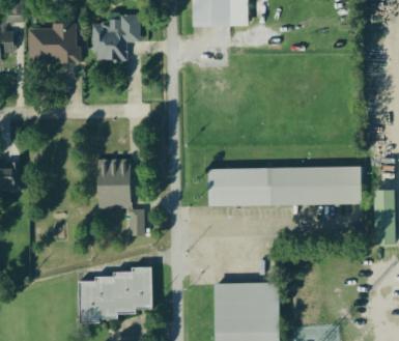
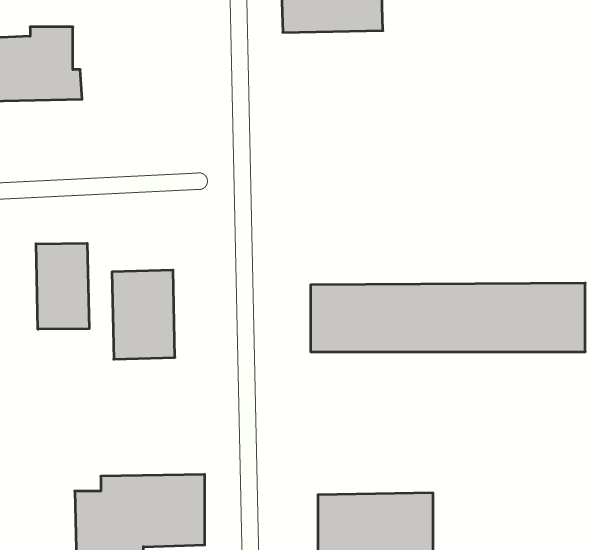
building: [91,18,140,62] -> none
building: none -> [36,243,89,329]
building: [130,209,144,236] -> none

